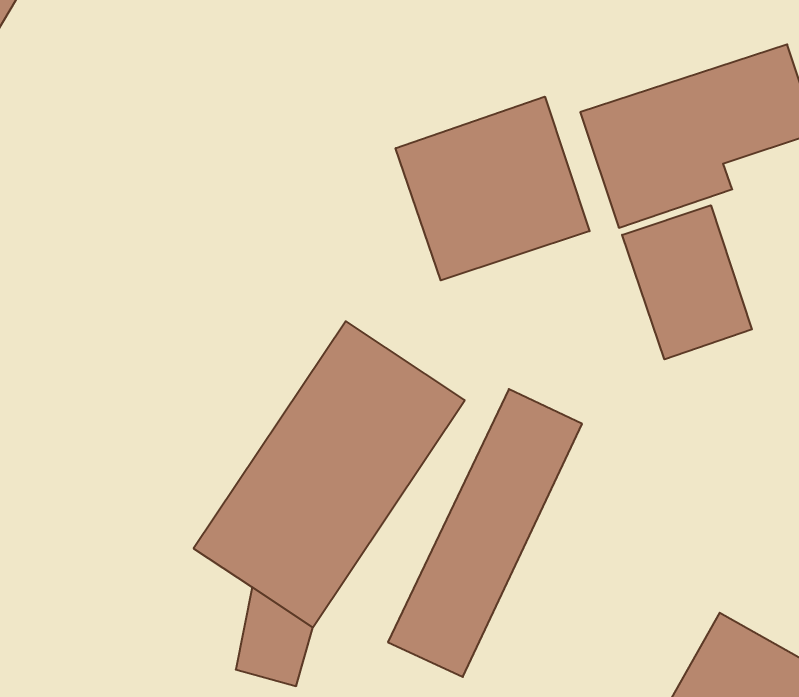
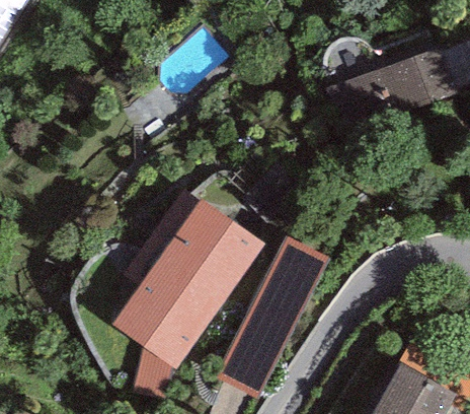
building: [396,97,590,280] -> none
building: [622,205,752,359] -> none

